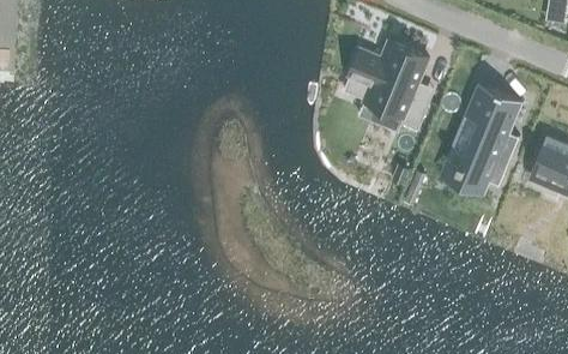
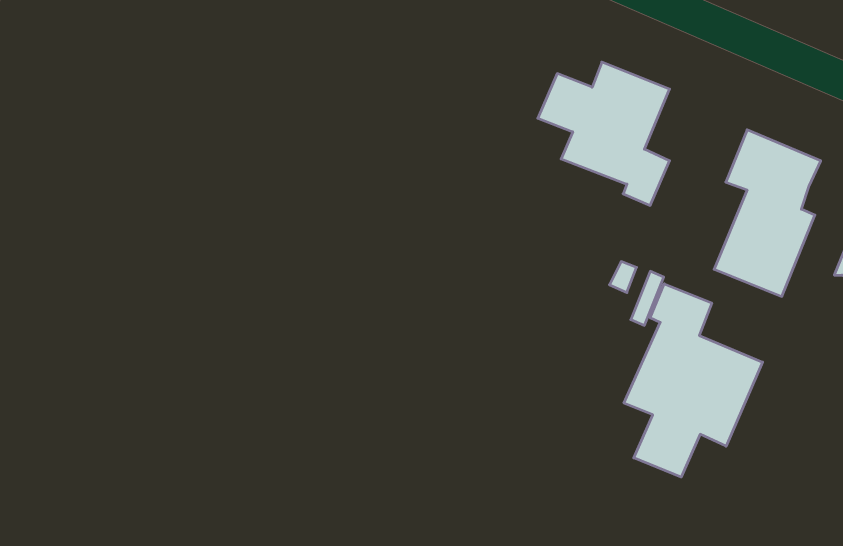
building: none -> [624,284,763,477]

